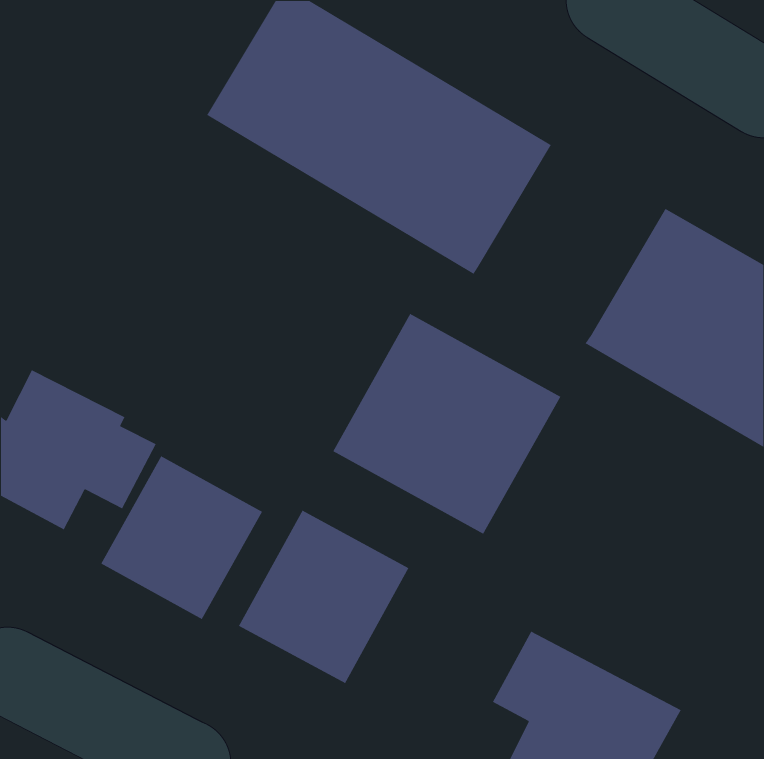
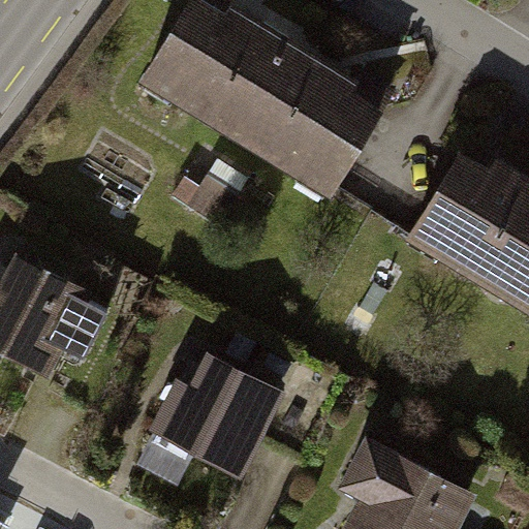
building: [332,313,561,535] -> none
building: [100,455,263,620] -> none

